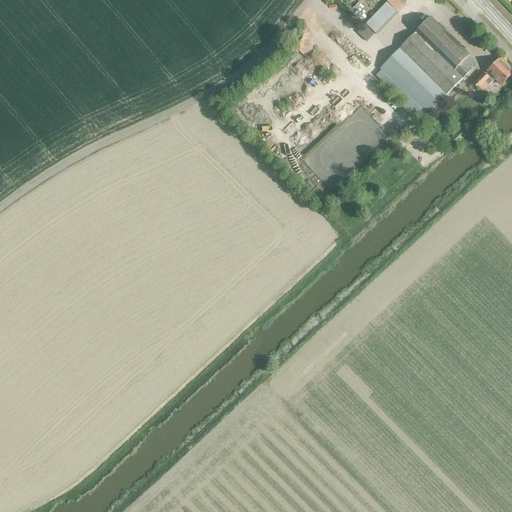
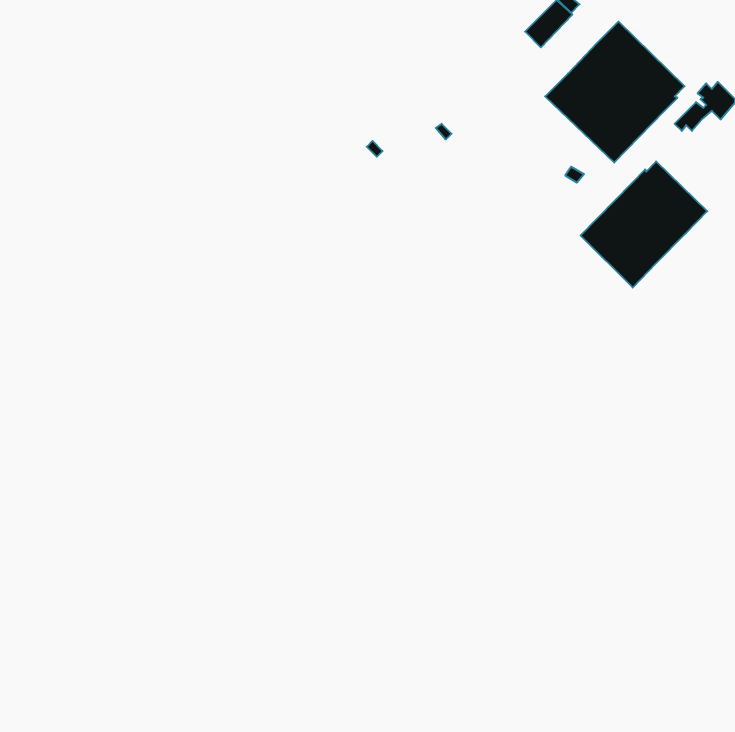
building: none -> [581,161,707,288]

